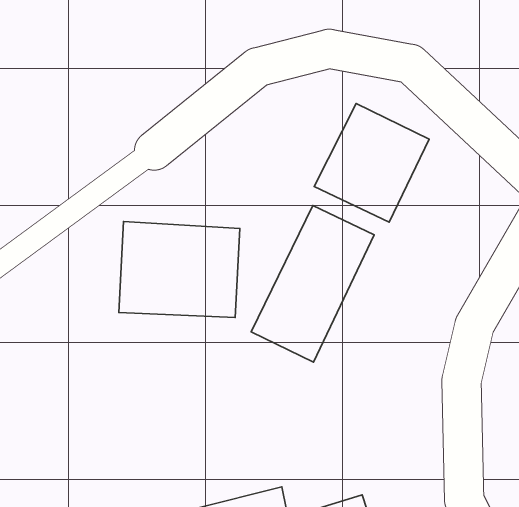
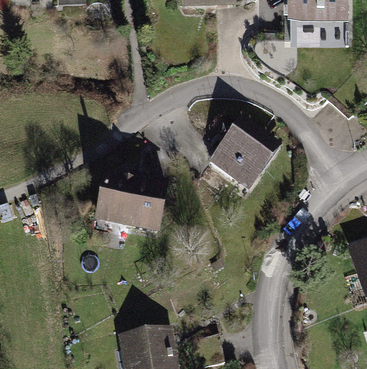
building: [251,206,374,362] -> none

